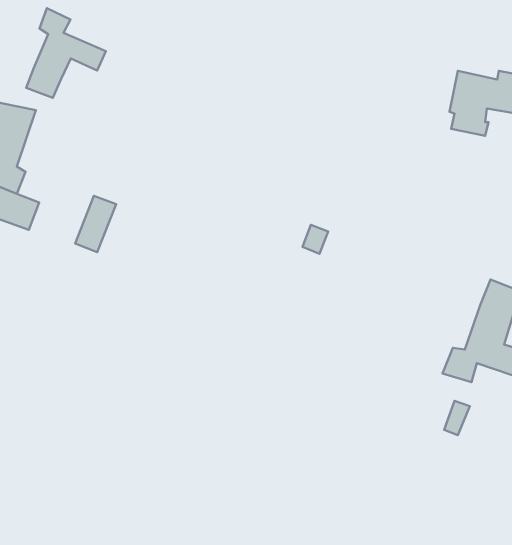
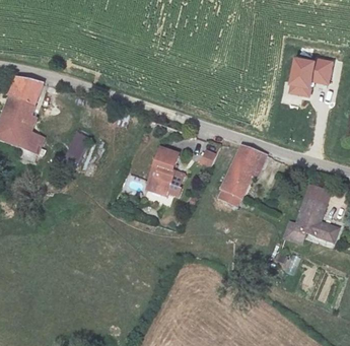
building: [26,8,106,98] -> none
building: none -> [219,144,267,205]
building: none -> [146,146,185,196]

